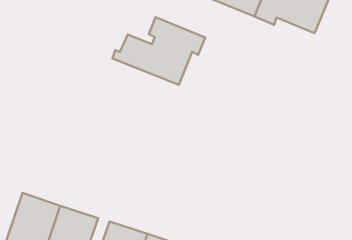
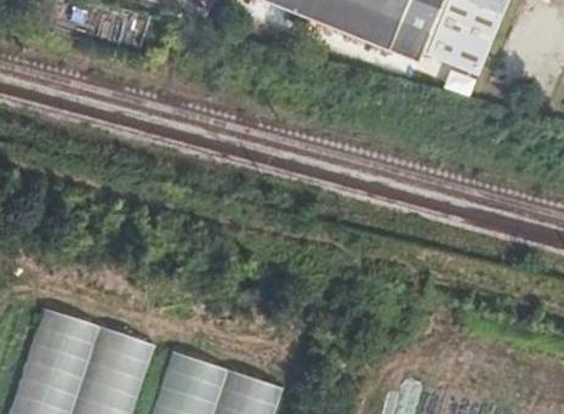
building: [112,17,205,85] -> none

